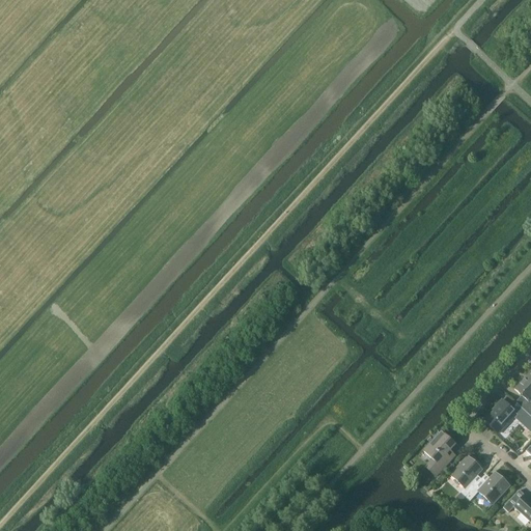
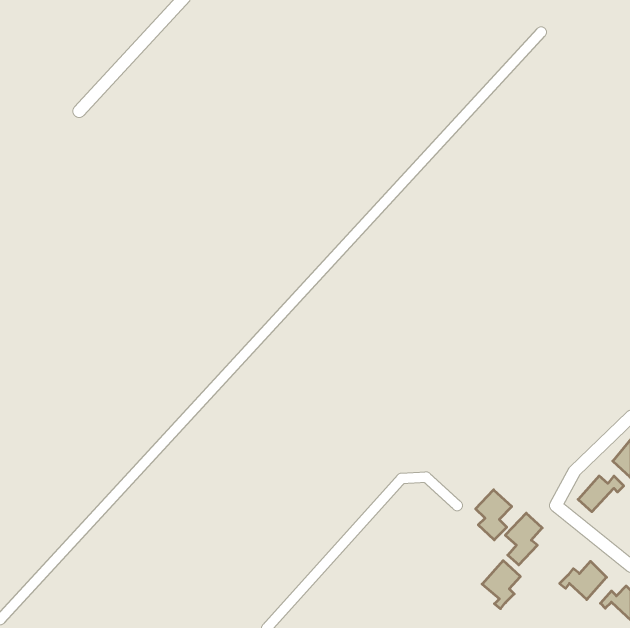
building: none -> [476,490,512,540]
building: [451,454,483,495] -> [482,561,520,609]

